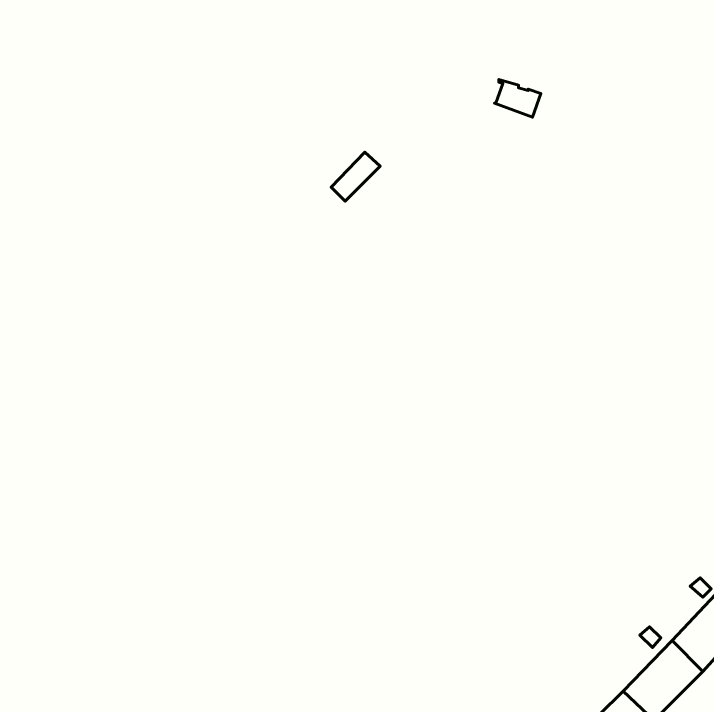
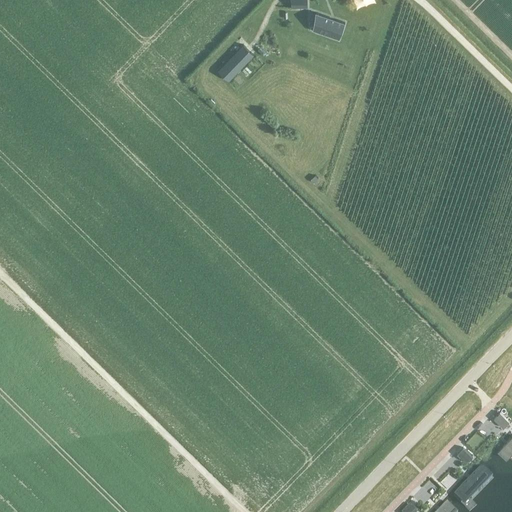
building: [495,79,541,117] -> [313,15,346,42]
building: [331,152,380,201] -> [219,47,254,82]

